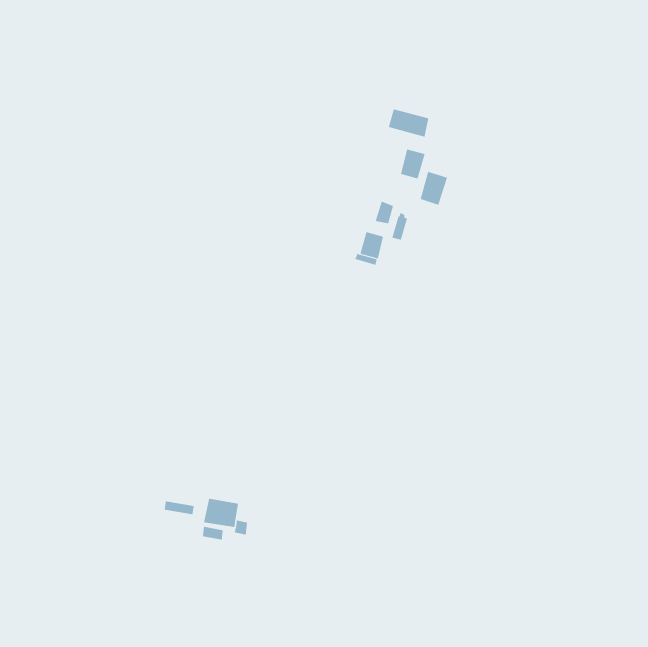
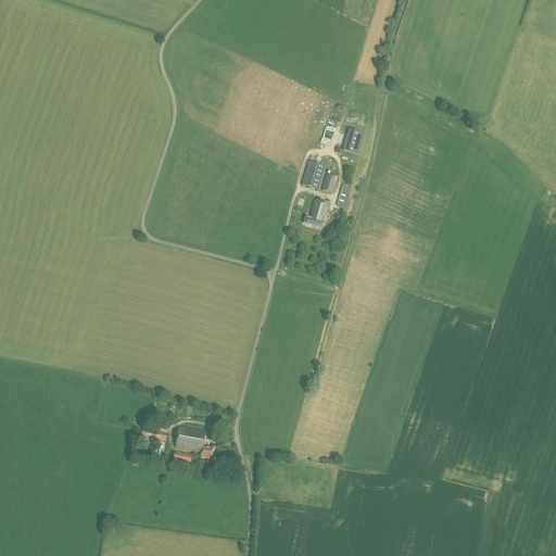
building: [388,109,429,138] -> none
building: [420,171,448,206] -> [301,159,325,188]

